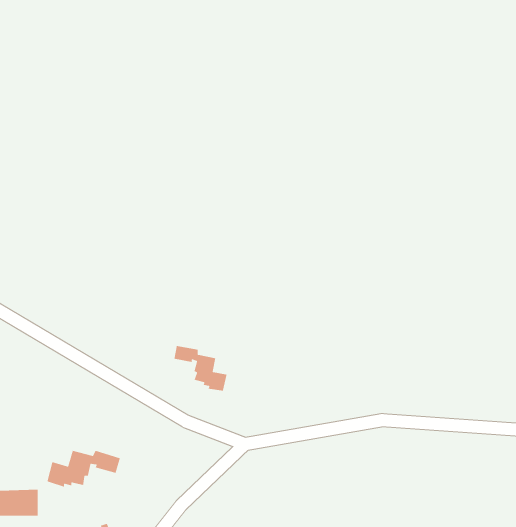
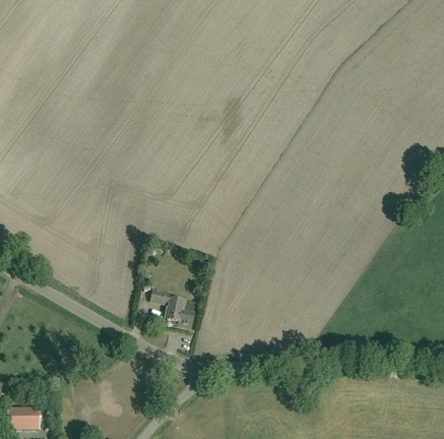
building: [47,450,121,488] -> none

